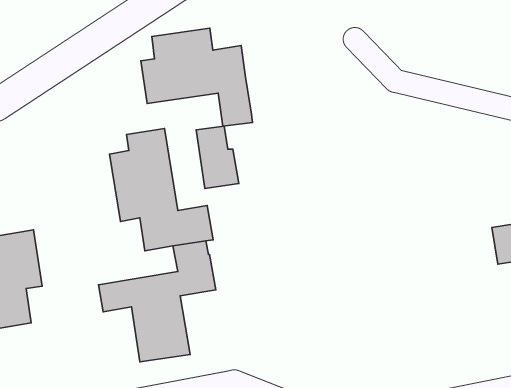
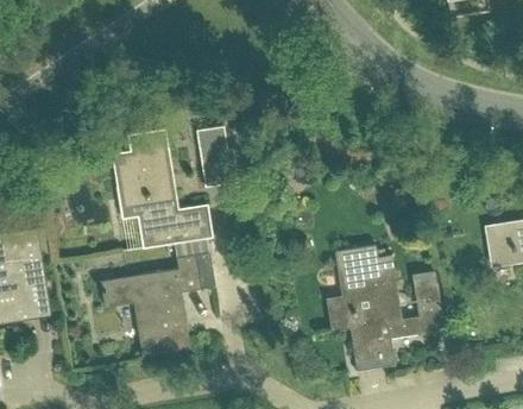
building: [141,28,253,126] -> none
building: none -> [329,245,443,371]

